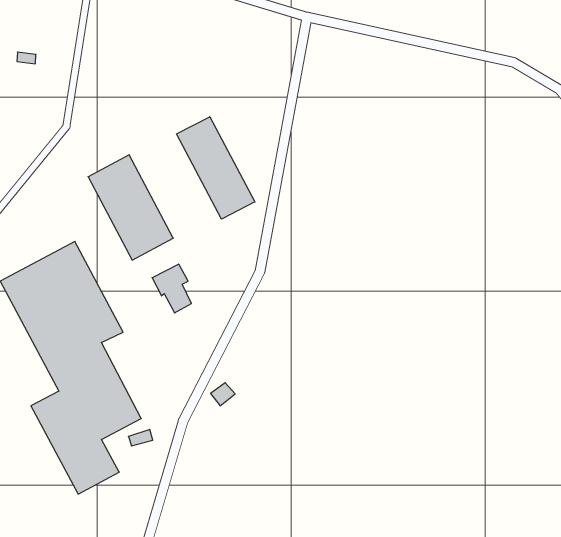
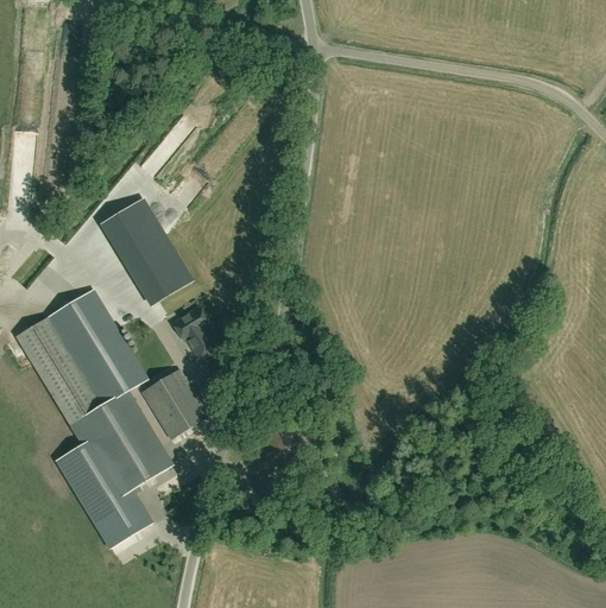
building: [177,117,255,219] -> none
building: none -> [141,369,207,438]

